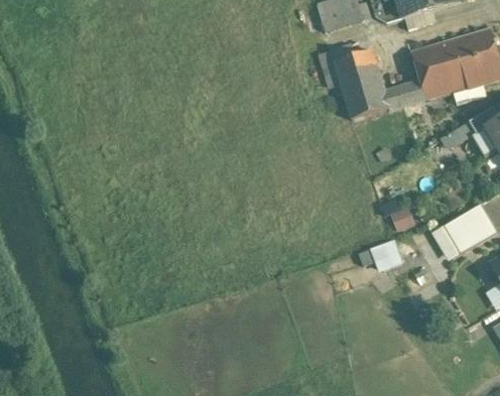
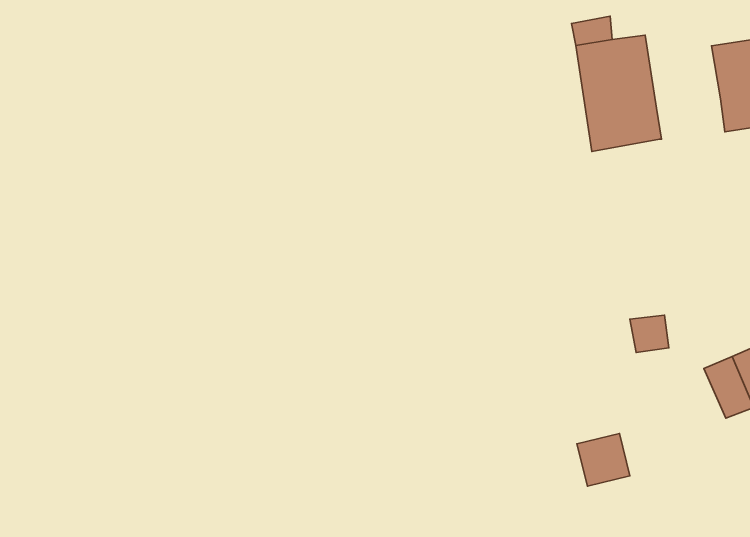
building: [385,80,425,109] -> none
building: [370,239,402,271] -> [577,433,630,486]

